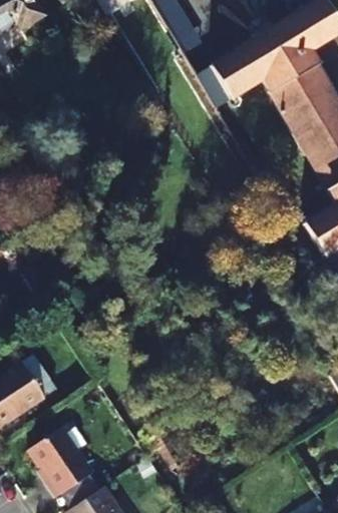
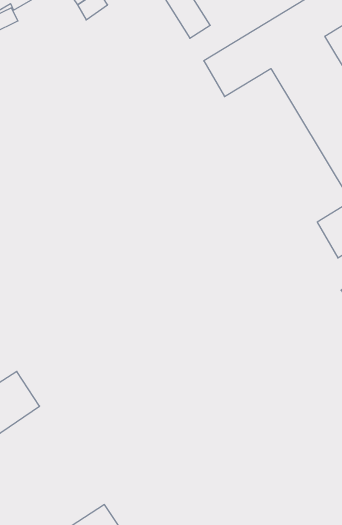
building: [30,428,94,498] -> none

